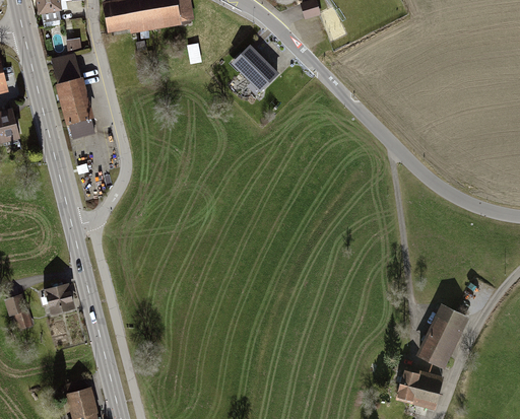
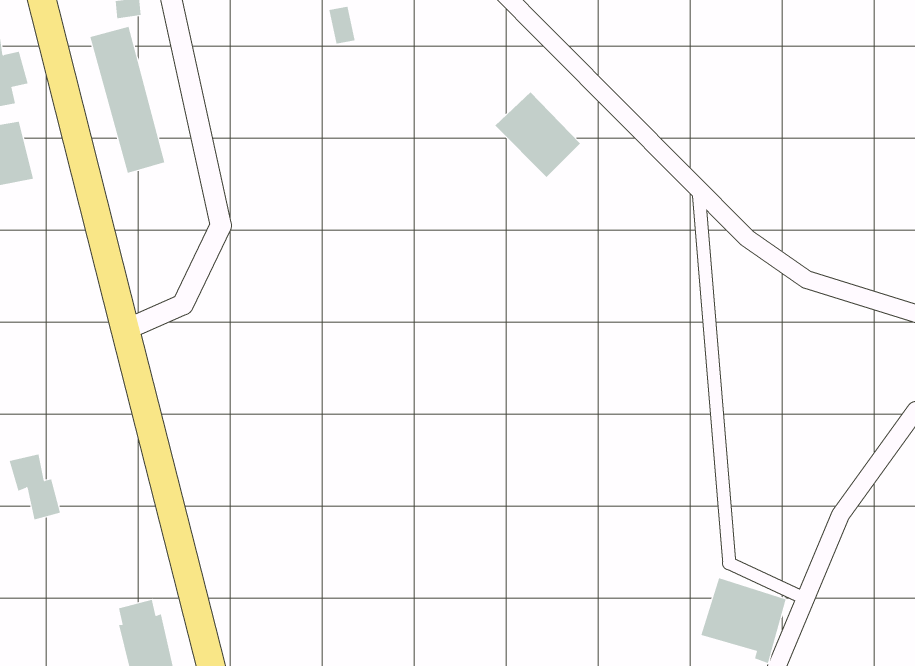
building: [230,45,278,93] -> [495,91,581,178]
building: [43,283,74,315] -> none
building: [418,301,470,365] -> none

